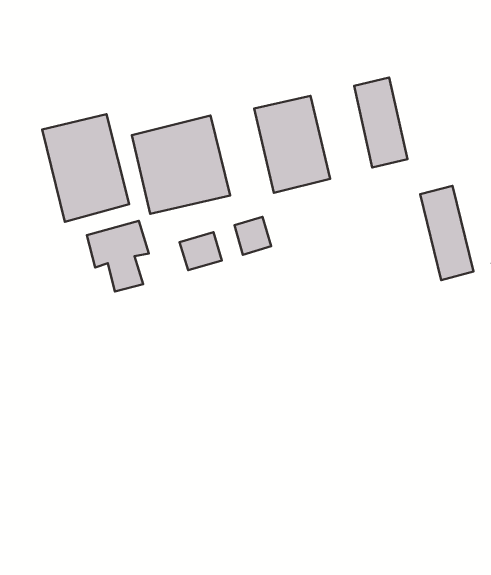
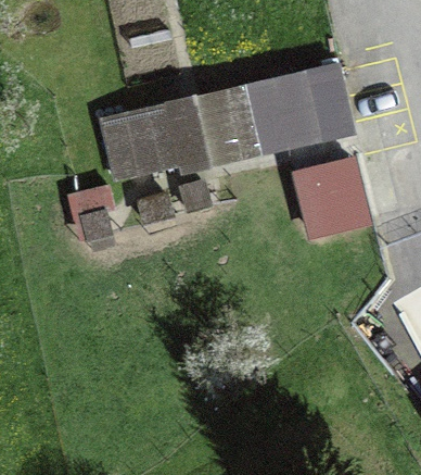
building: [42,114,129,222] -> none

